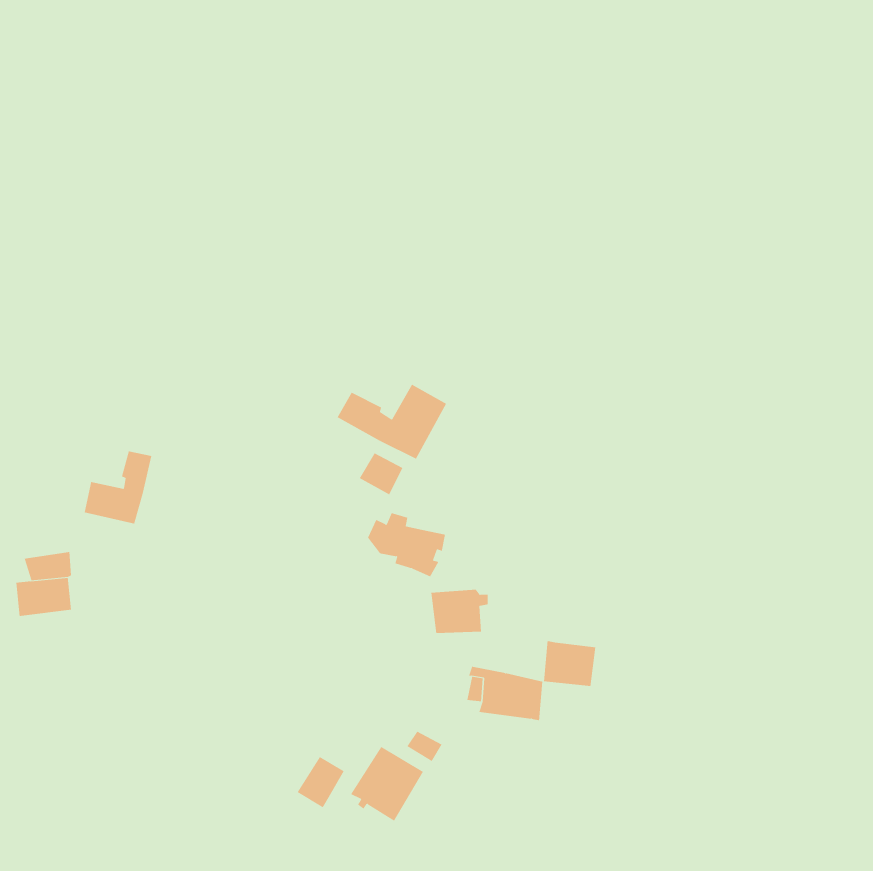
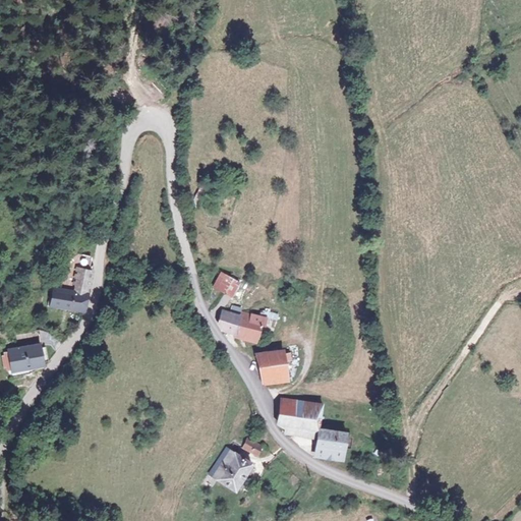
building: [337,384,447,459] -> none
building: [543,640,596,687] -> [314,429,346,457]
building: [297,756,345,808] -> none

